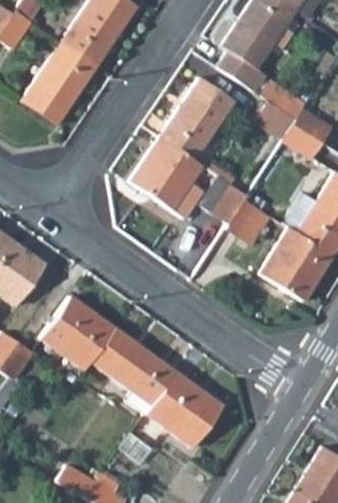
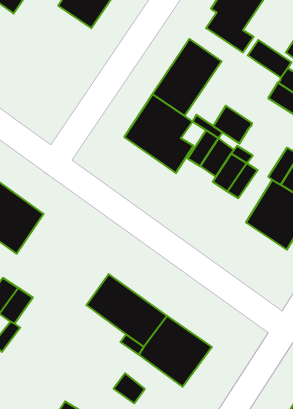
building: [22,43,97,126] -> none
building: [257,101,298,141] -> [213,106,252,144]
building: [41,296,115,370] -> none

